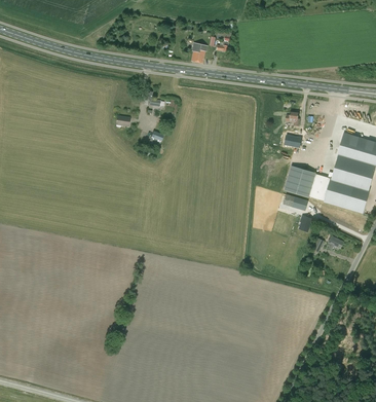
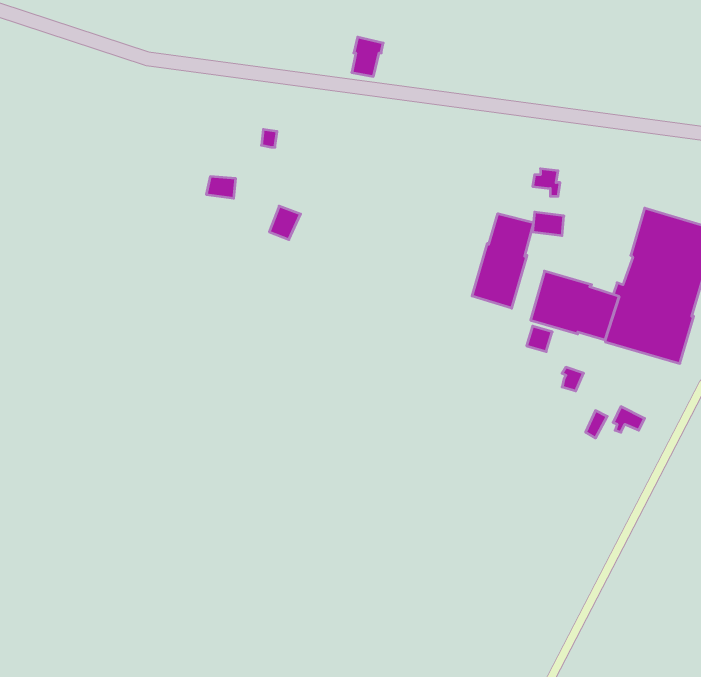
building: none -> [472,214,533,308]

